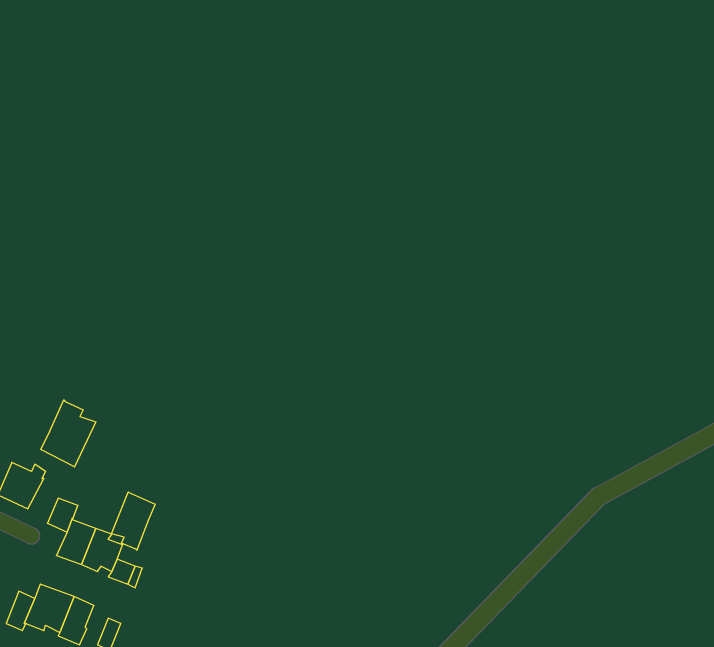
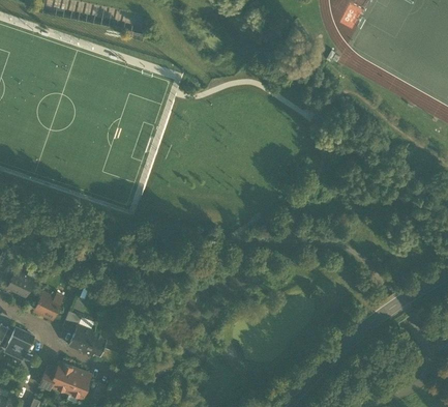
building: [41,400,96,467] -> none
building: [112,492,155,550] -> none

